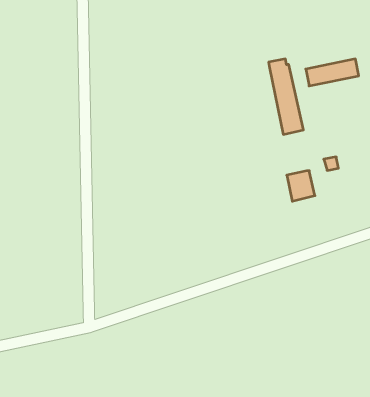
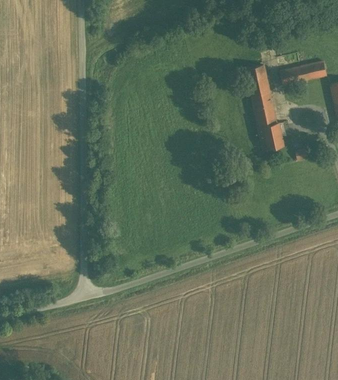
building: [287,171,315,201] -> [259,125,284,152]

